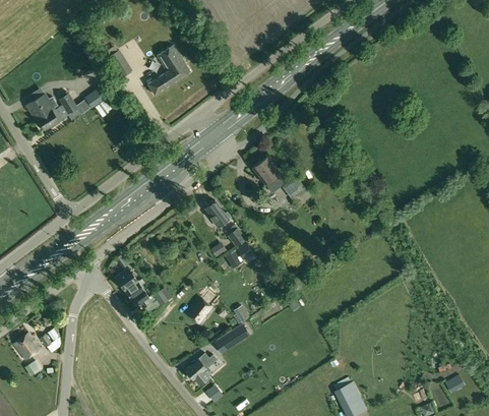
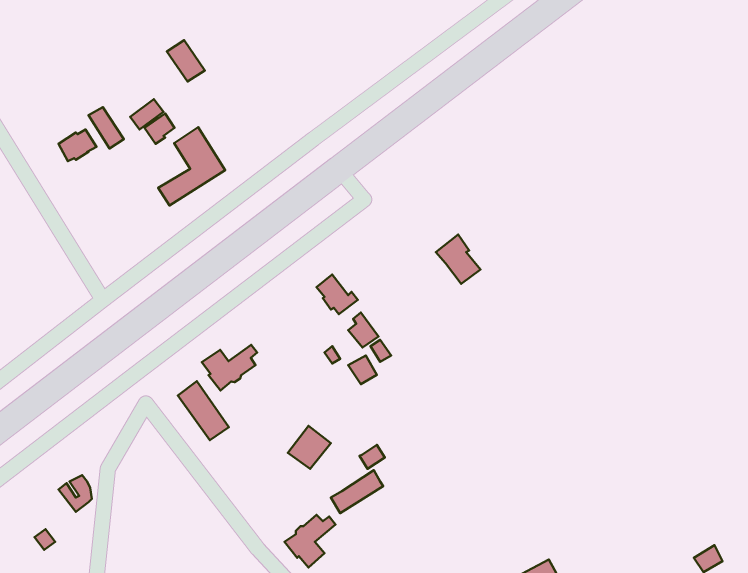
building: [147,44,190,94] -> [158,127,225,205]
building: [27,93,58,117] -> none
building: [251,156,279,186] -> none
building: none -> [202,345,257,391]
building: [12,333,40,359] -> none

